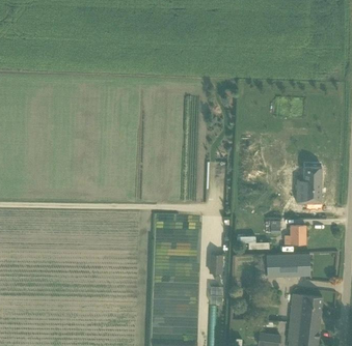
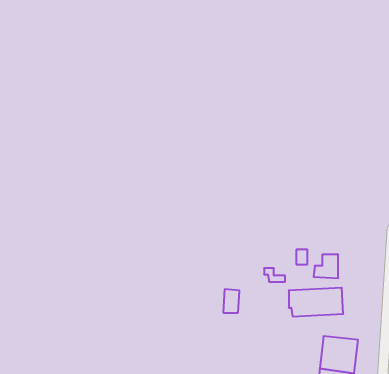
building: [301,167,320,203] -> none

